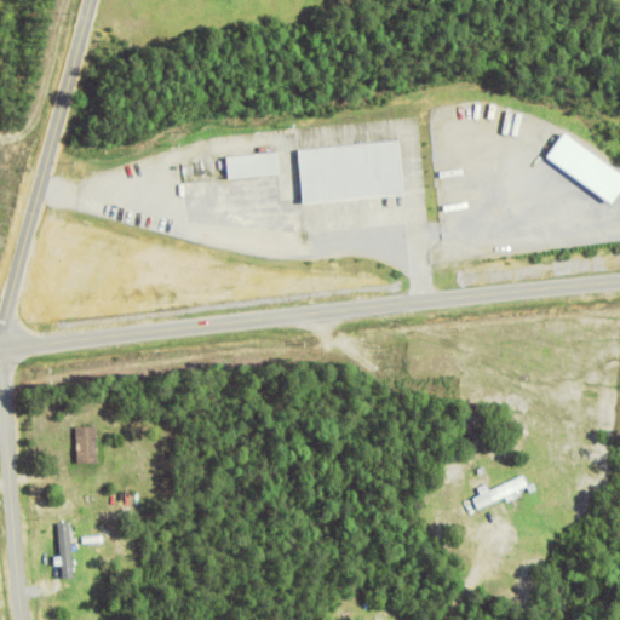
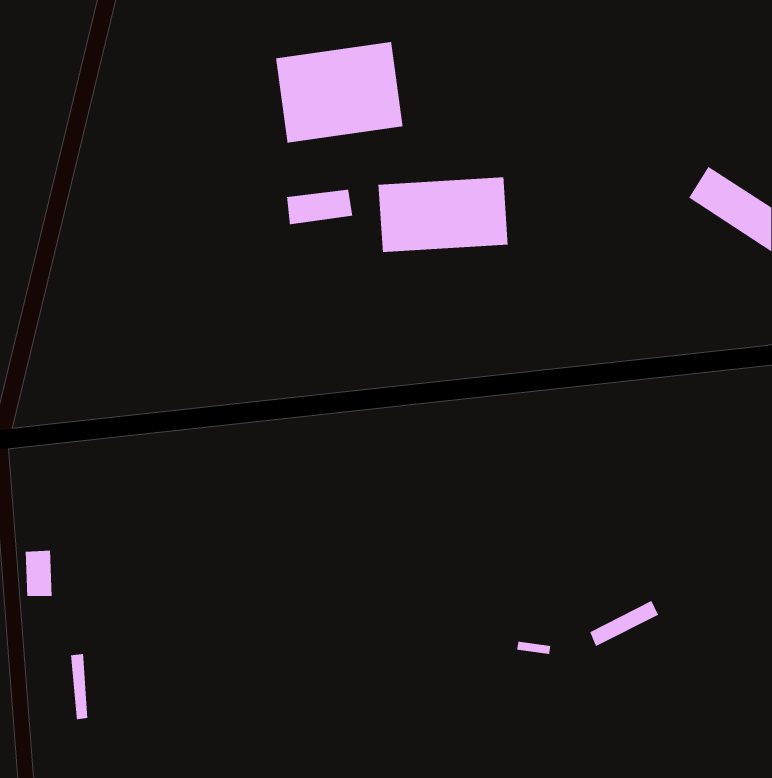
building: none -> [275,41,404,143]
building: [71,429,93,466] -> [25,550,52,597]

